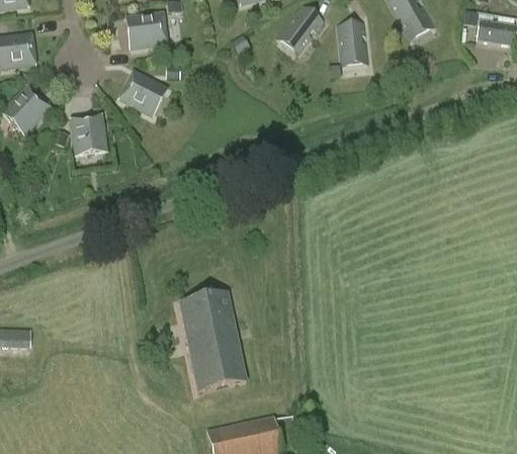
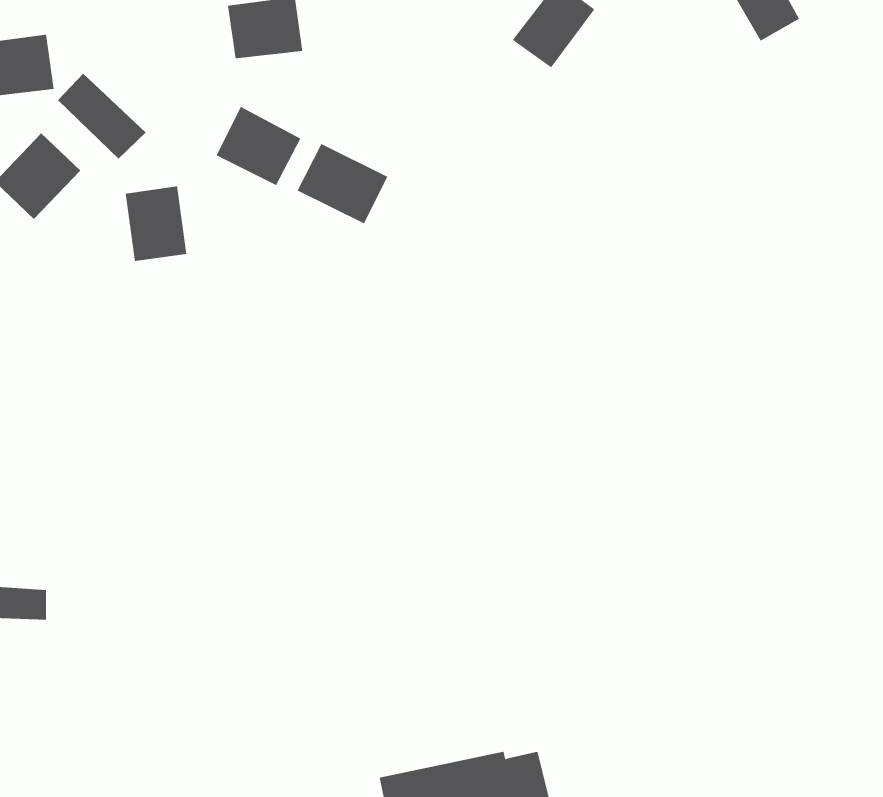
building: [337,22,366,64] -> none
building: none -> [57,73,147,160]
building: none -> [297,143,388,224]
building: [179,292,246,391] -> none

